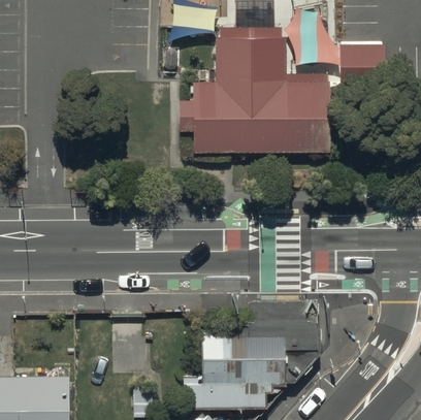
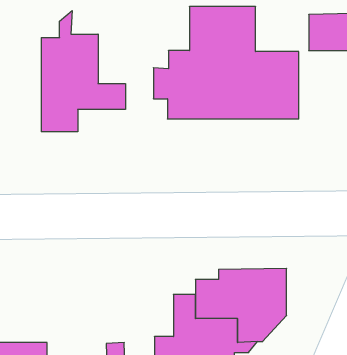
building: none -> [41,11,125,132]

